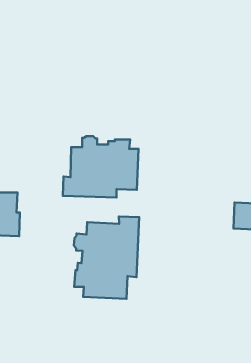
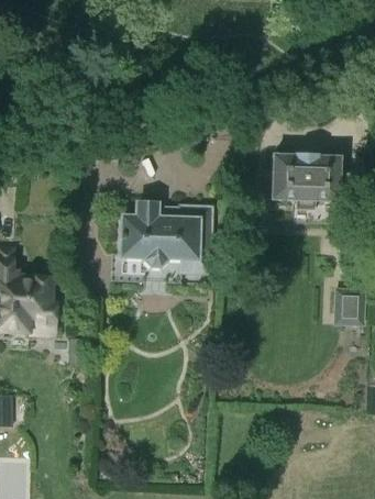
building: none -> [272,152,348,221]
building: [74,216,139,299] -> none

